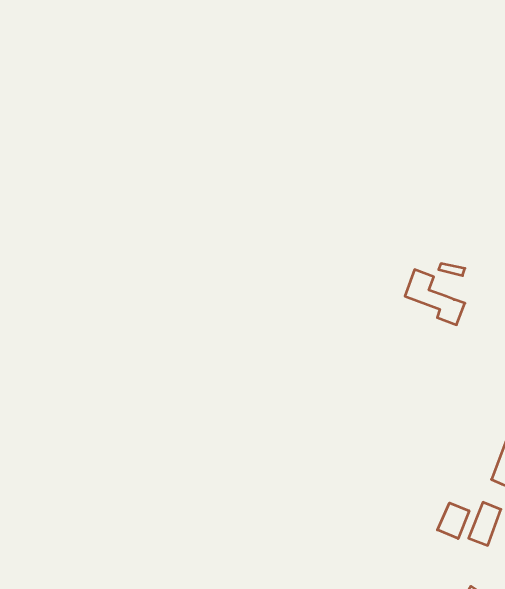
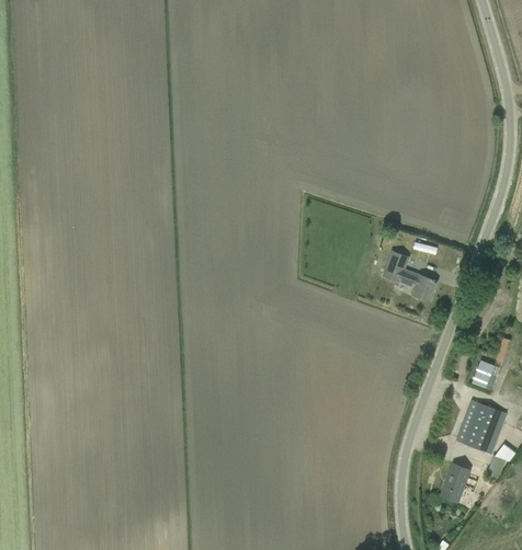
building: [437,503,469,539] -> none

